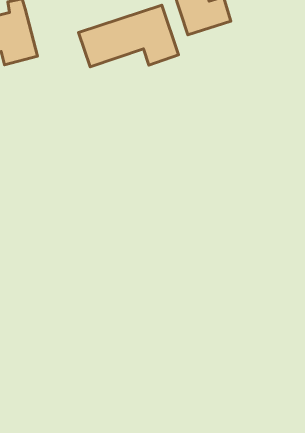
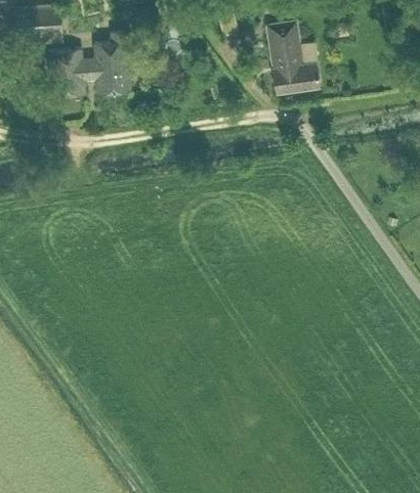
building: [78,5,178,67] -> none

